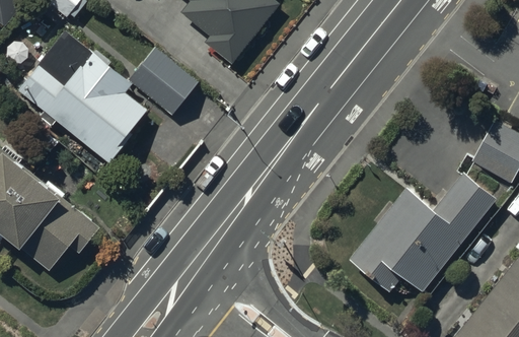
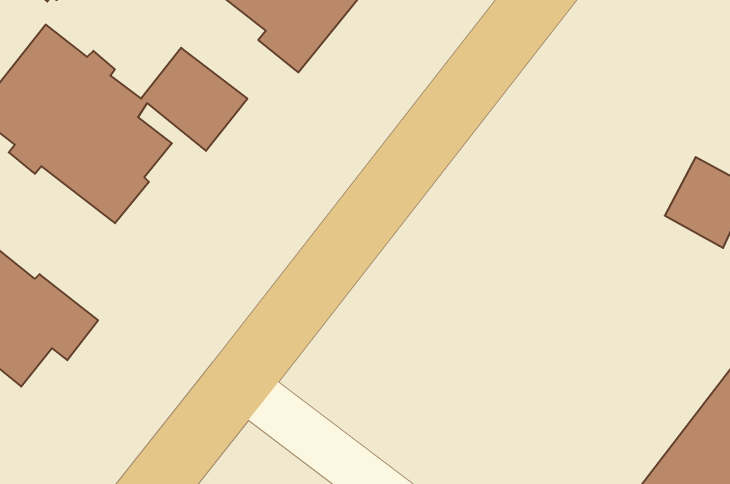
building: [349,173,496,292] -> none

